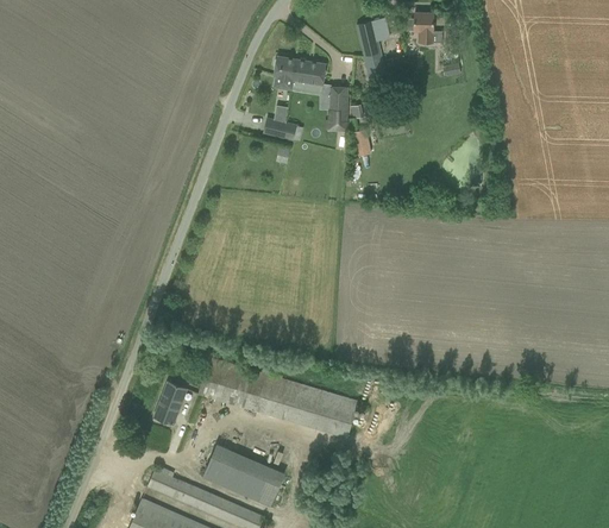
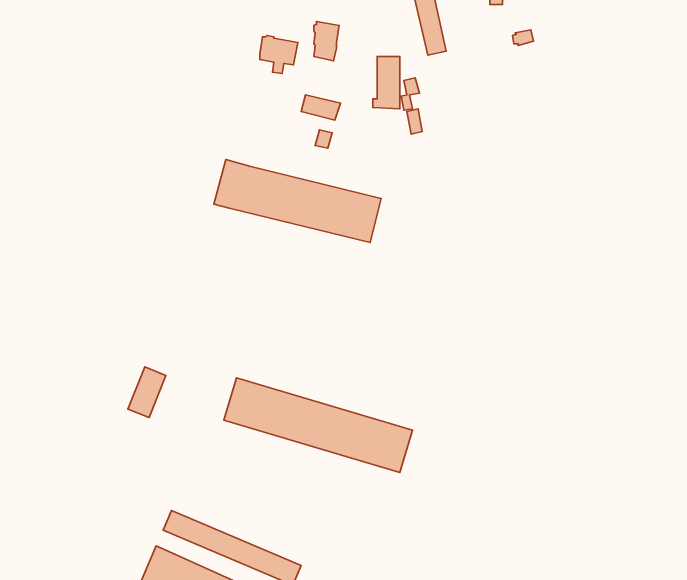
building: [294,58,326,90] -> [260,35,298,73]
building: none -> [214,159,381,242]
building: [155,381,187,423] -> [128,367,166,418]
building: [207,444,290,505] -> none

